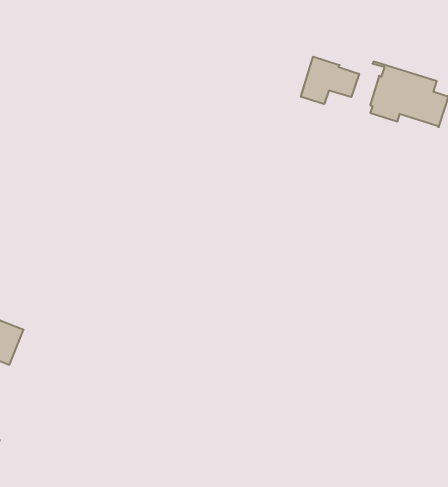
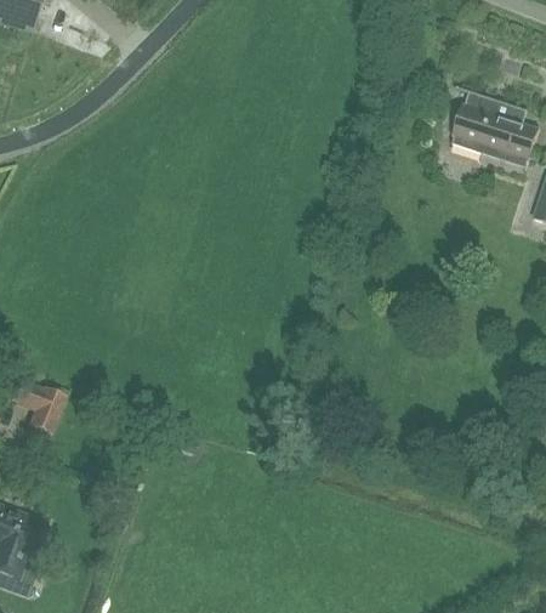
building: [301,57,359,104] -> none

